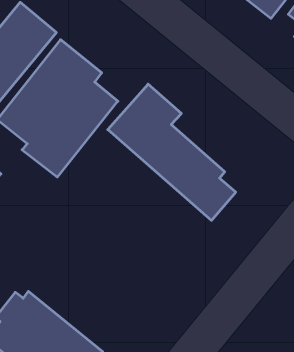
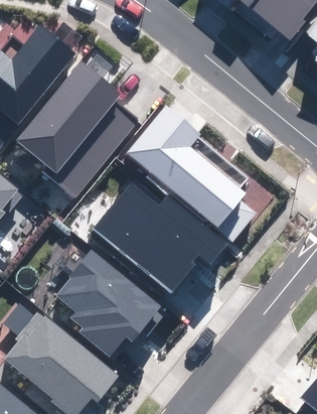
building: none -> [93,183,227,293]
building: none -> [55,249,163,356]

